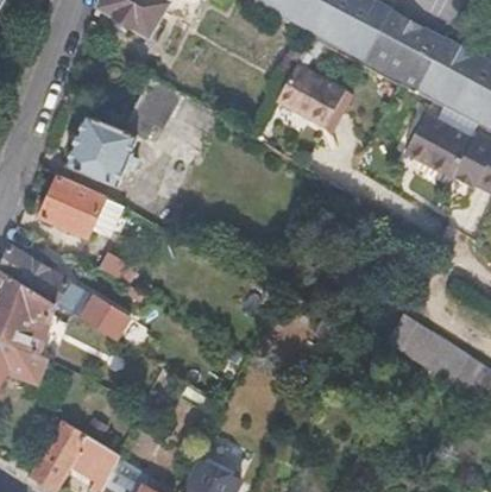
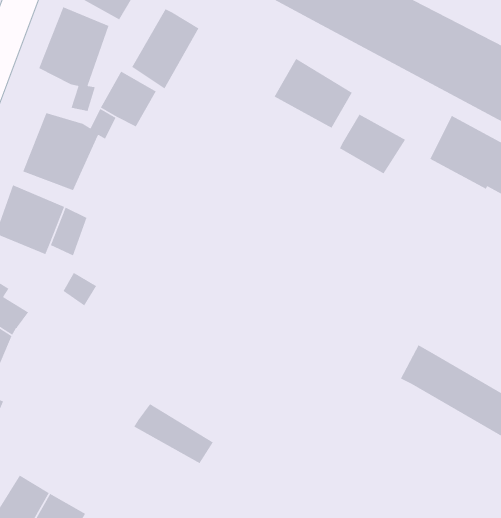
building: none -> [38,6,109,112]
building: none -> [131,8,199,89]
building: none -> [339,113,406,174]
building: [57,285,126,338] -> [133,403,214,464]

